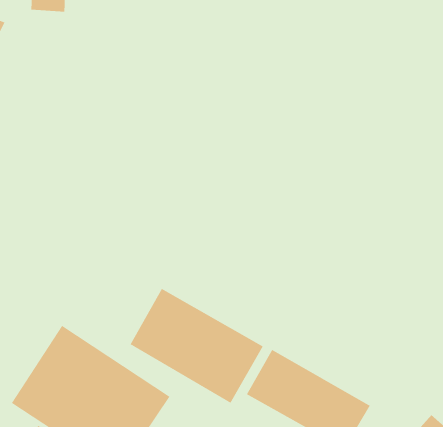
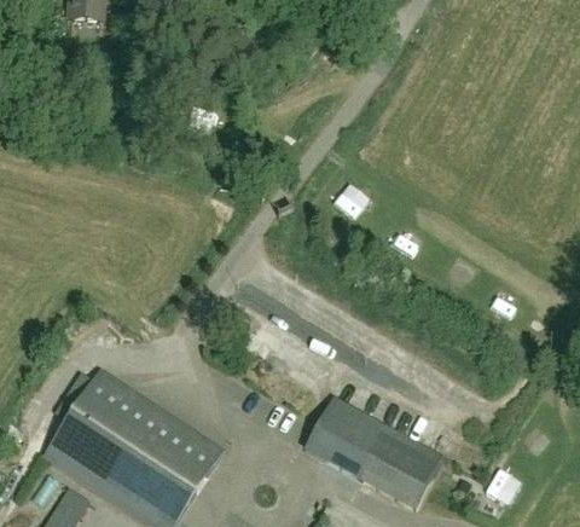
building: [130,288,264,404] -> none

